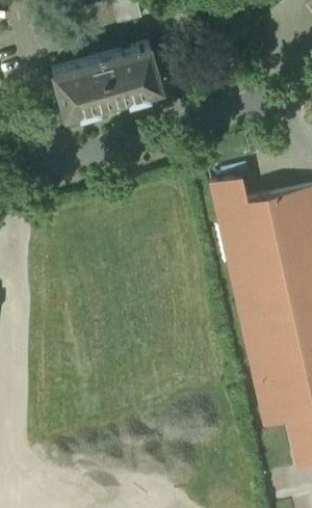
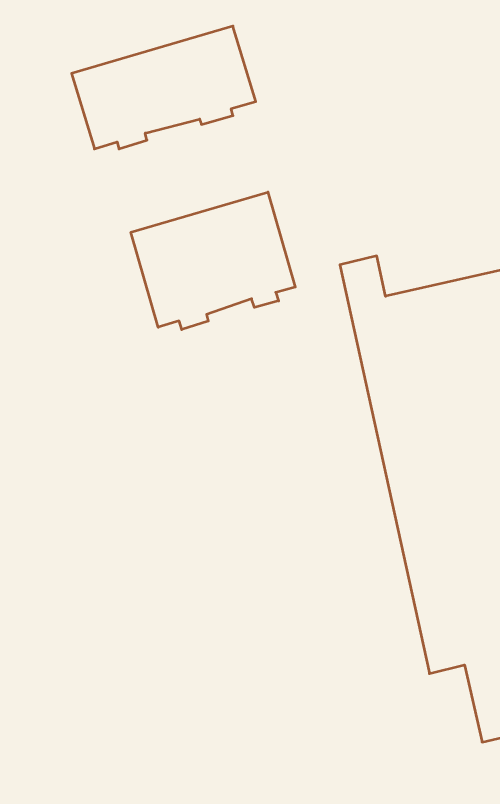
building: none -> [131,192,295,330]

